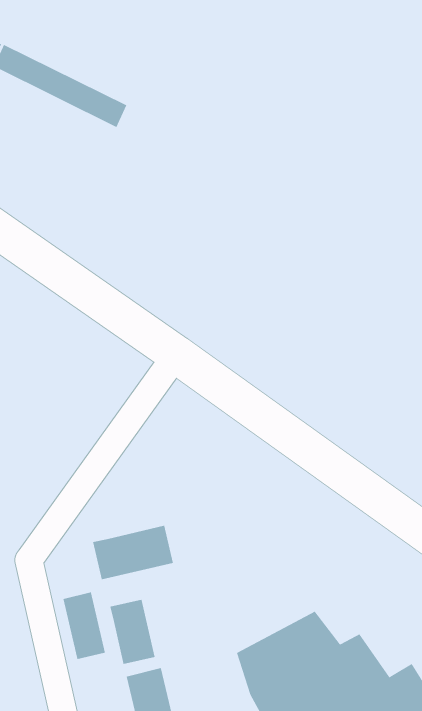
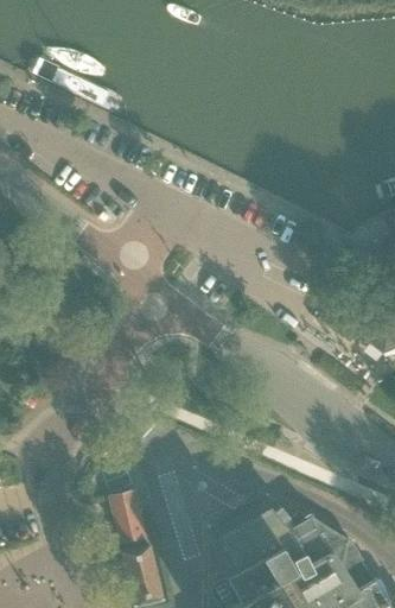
building: [92,525,174,580] -> none
building: [63,592,106,660] -> none

